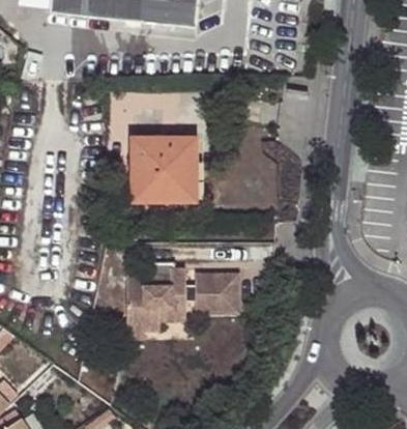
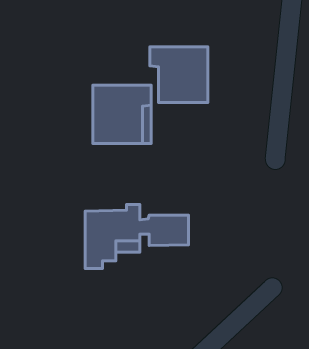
building: none -> [150,47,208,102]

